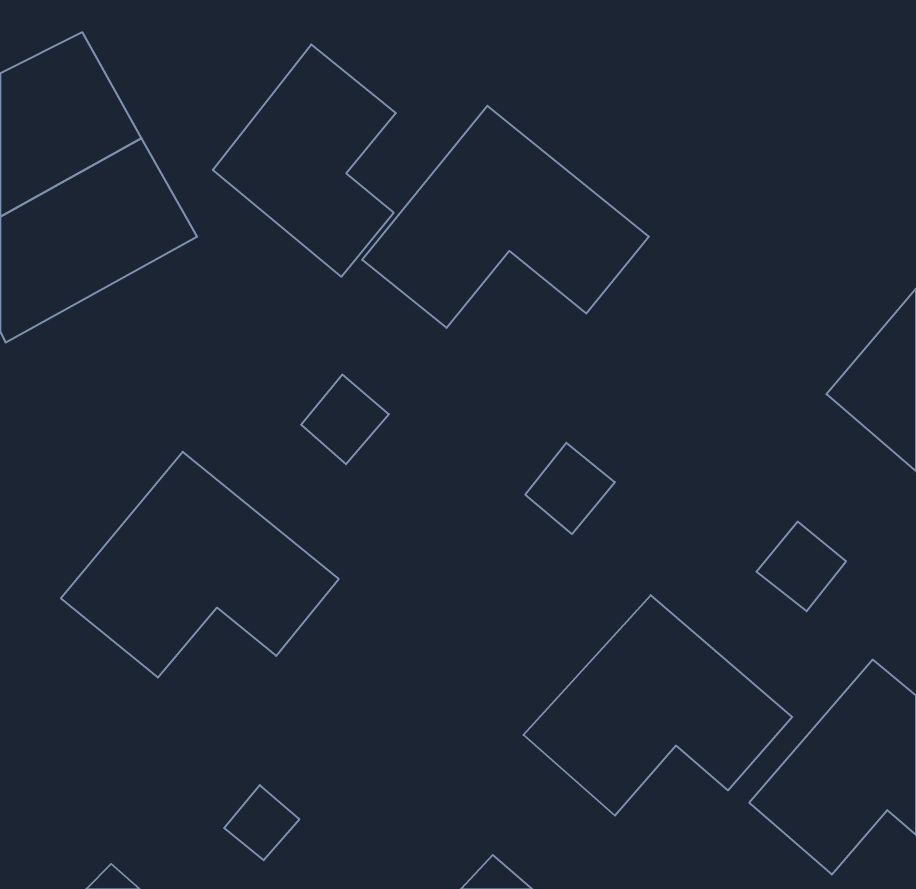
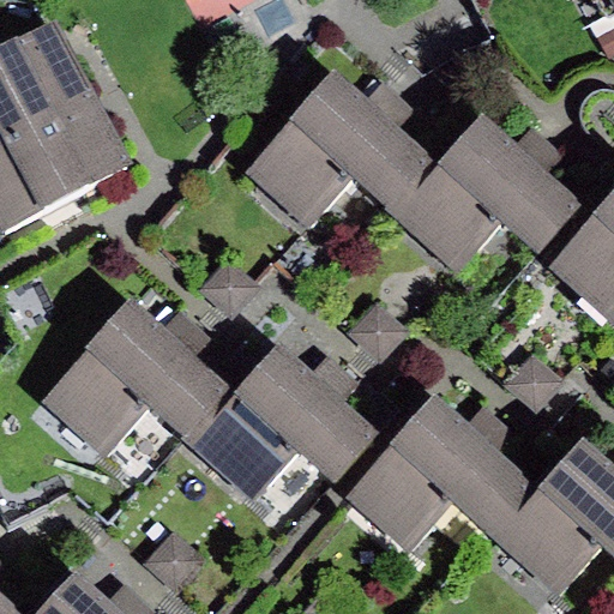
building: [213,44,396,277] -> none
building: none -> [399,121,582,269]
building: none -> [187,343,383,494]

